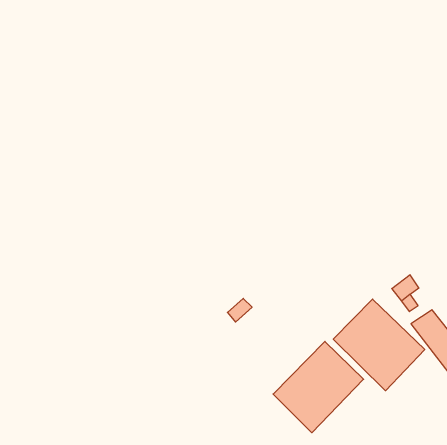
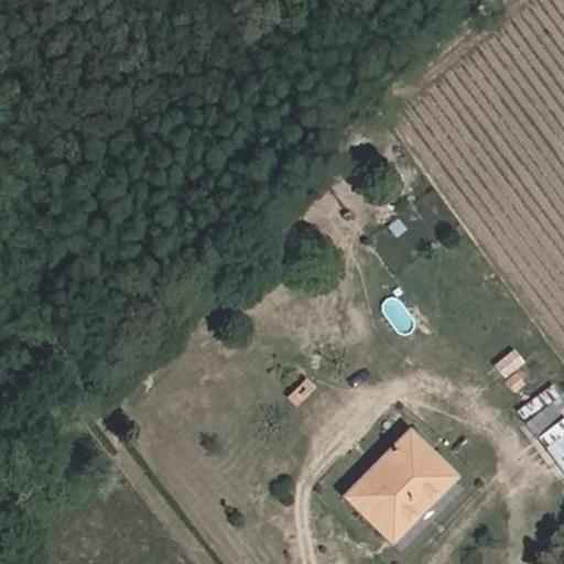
building: [333,299,425,391] -> none

